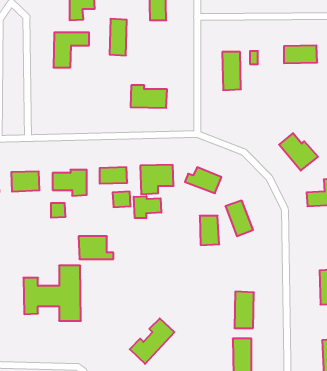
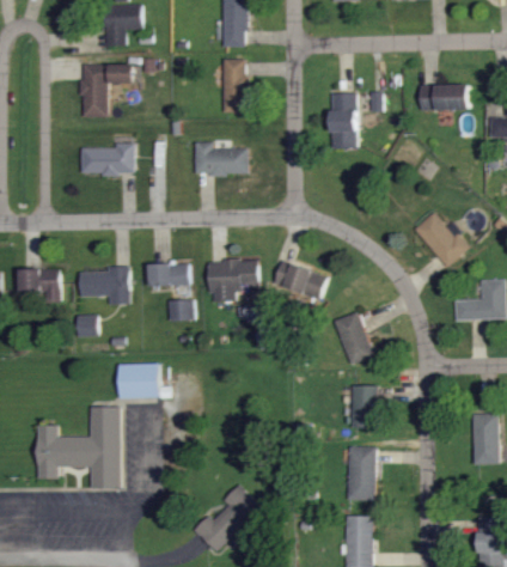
building: [110,19,127,55] -> [221,59,246,112]
building: none -> [80,144,134,175]
building: [134,196,161,218] -> none
building: [200,216,219,245] -> [350,386,379,429]

